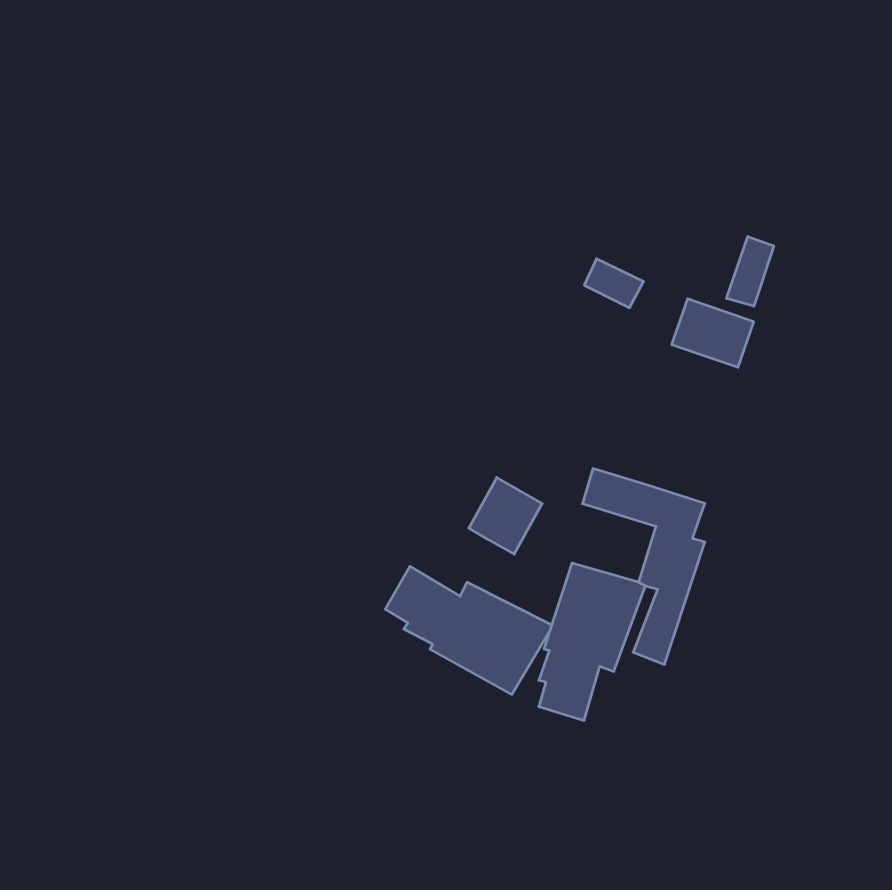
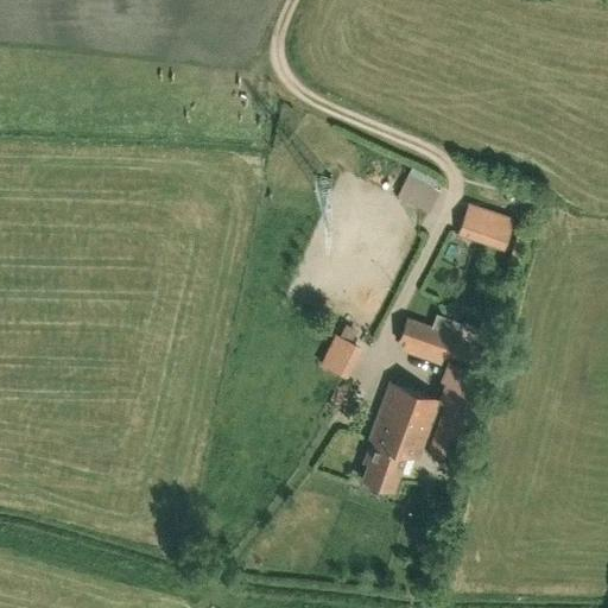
building: [727,236,774,306] -> none
building: [385,566,552,694] -> none

